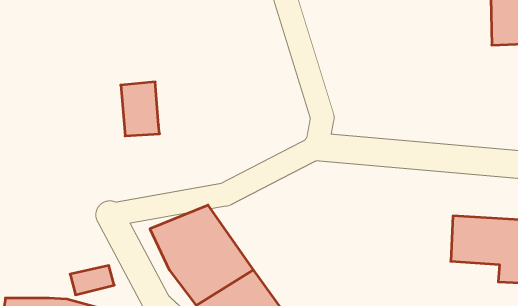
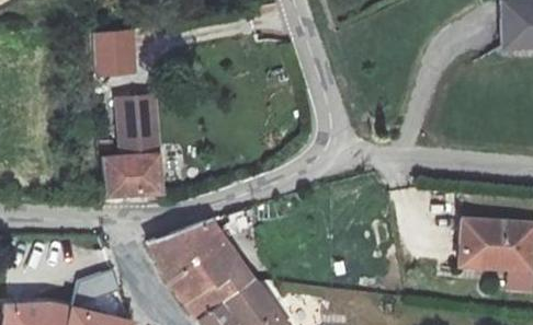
building: none -> [88,27,134,79]
building: none -> [106,139,165,182]

